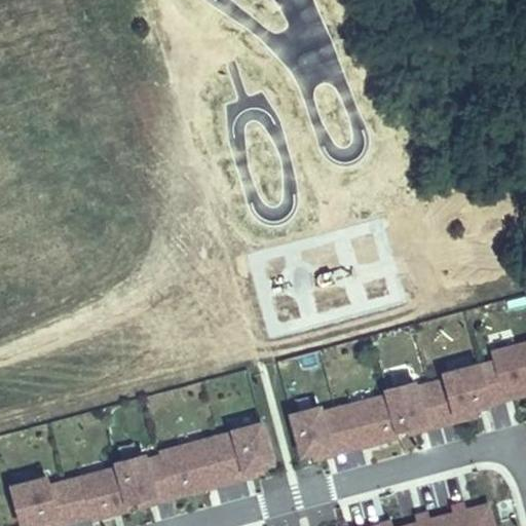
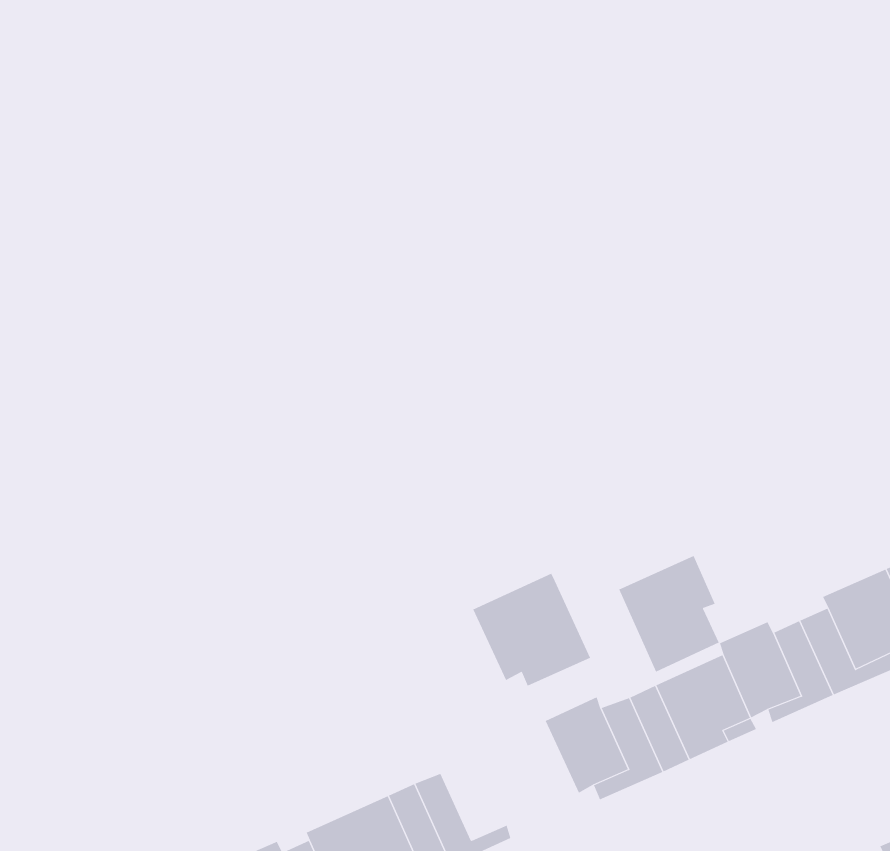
building: none -> [473,573,591,686]
building: none -> [618,555,719,673]
building: [232,423,271,471] -> none

